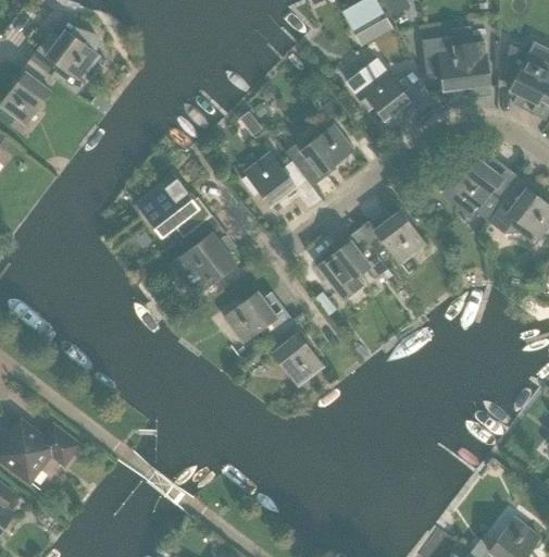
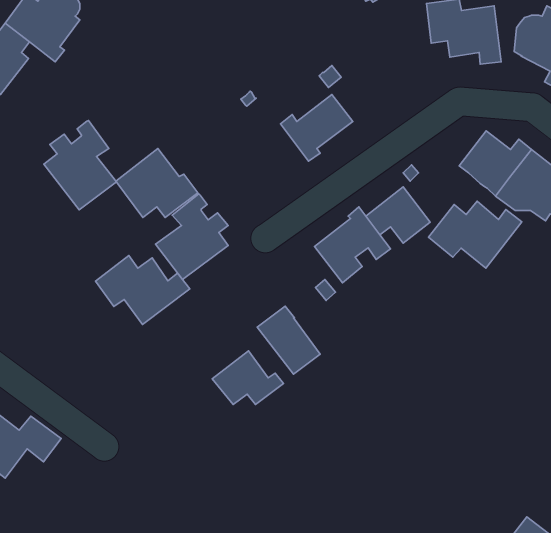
building: [345,55,427,133] -> none
building: none -> [44,120,116,210]
building: [246,153,305,206] -> none
building: none -> [429,201,522,268]
building: none -> [95,255,190,325]
building: [224,292,290,342] -> [212,351,283,405]

